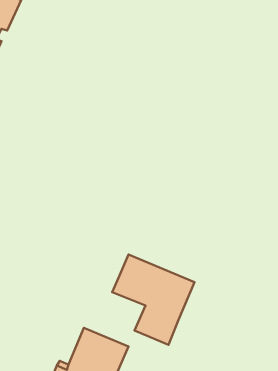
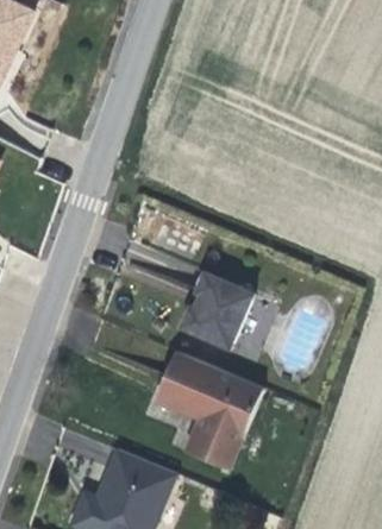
building: none -> [180,272,253,348]

